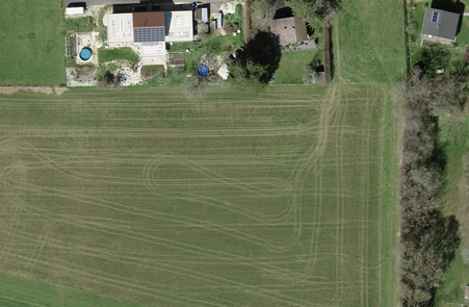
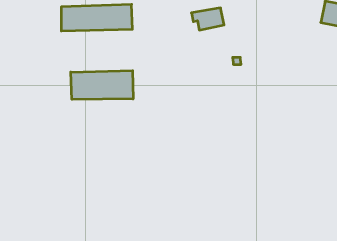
building: none -> [71,71,133,99]

